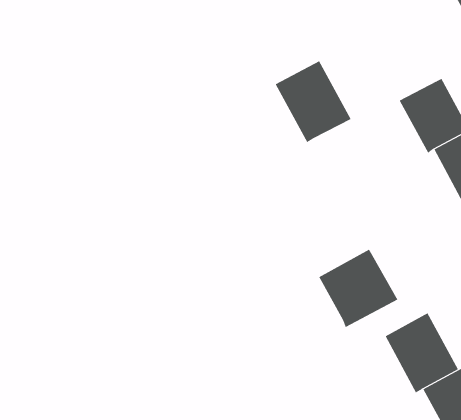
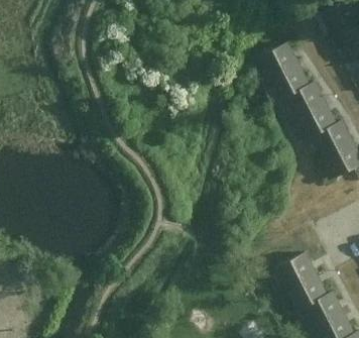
building: [275,60,351,143] -> [263,42,319,102]
building: [319,249,398,328] -> none

